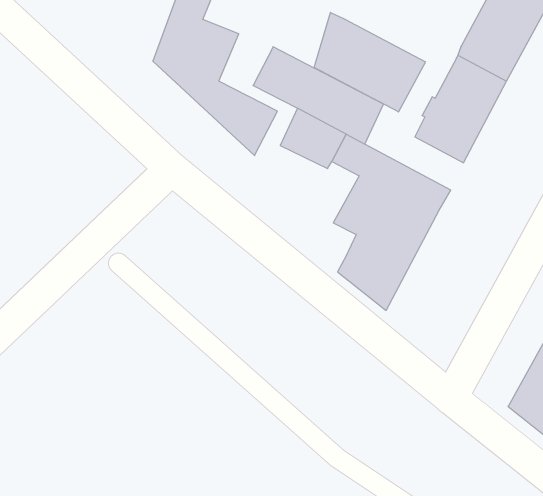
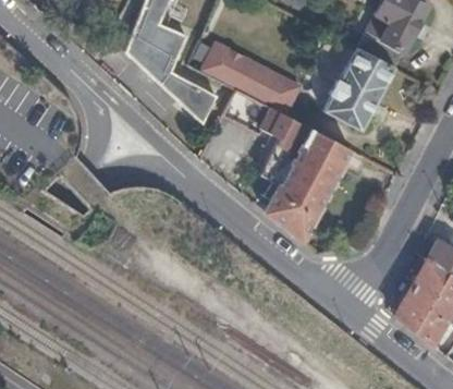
building: [314,12,425,112] -> none

